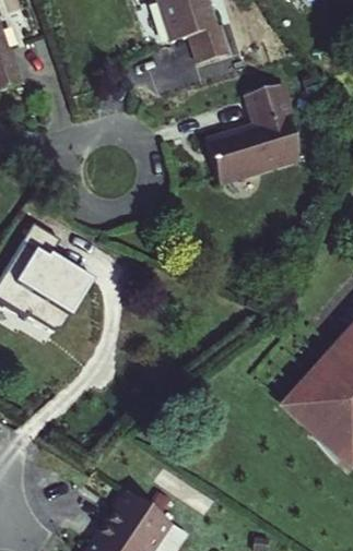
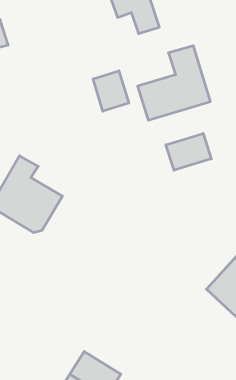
building: none -> [93,71,129,111]
building: none -> [166,133,211,170]

